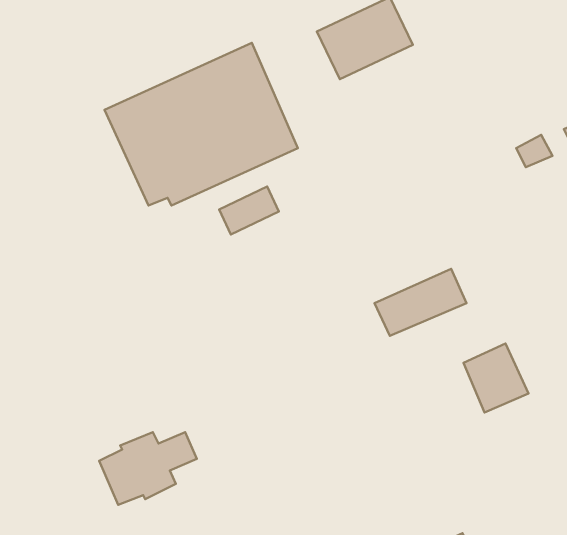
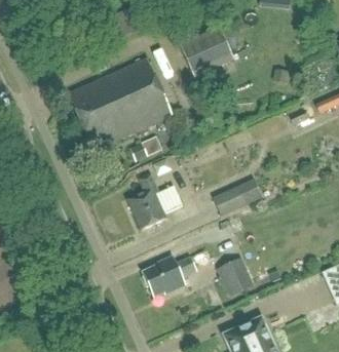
building: none -> [127,173,182,228]
building: [463,344,529,413] -> [218,259,253,296]
building: [99,432,197,505] -> [144,256,196,295]

